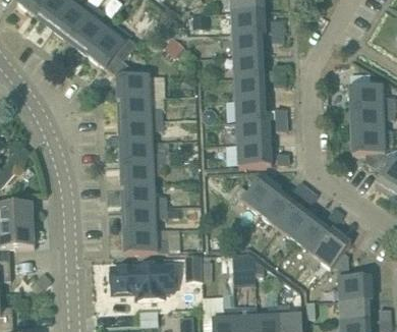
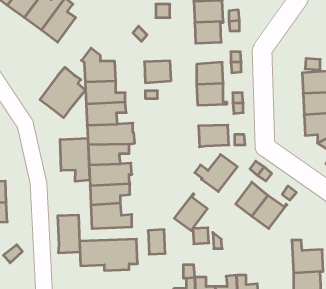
building: [88,19,136,73] -> [40,67,86,118]
building: [235,54,264,77] -> [144,61,171,83]
building: [237,120,270,144] -> none
building: none -> [60,138,90,181]
building: [260,187,295,227] -> [174,194,207,231]
building: [305,228,350,268] -> none
building: none -> [58,215,80,253]

